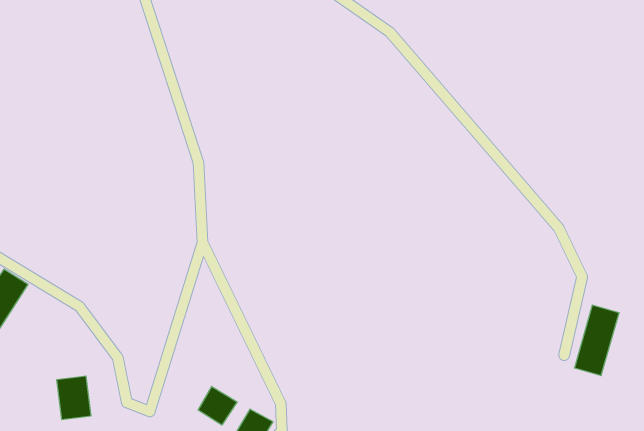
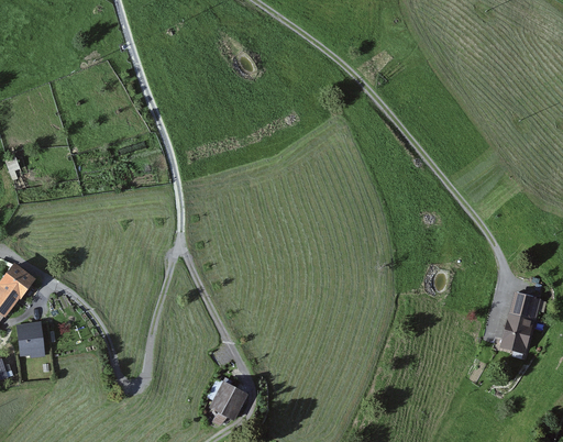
building: [57,376,91,420] -> [18,319,47,356]
building: [198,386,237,425] -> none

